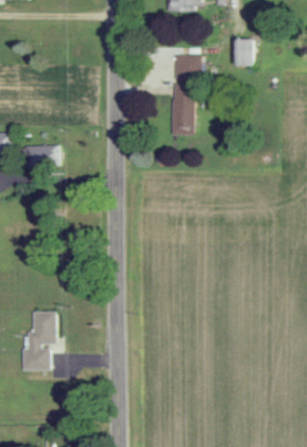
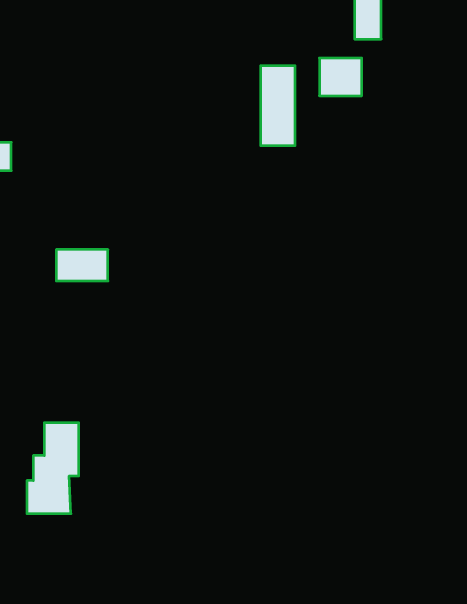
building: [174,54,201,78] -> [319,58,362,96]
building: [26,145,59,165] -> [56,250,108,281]

